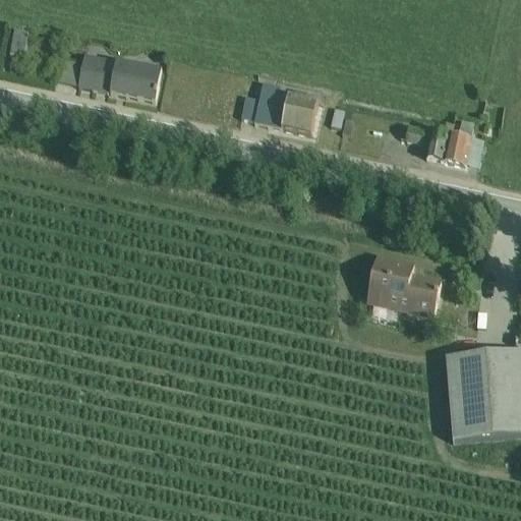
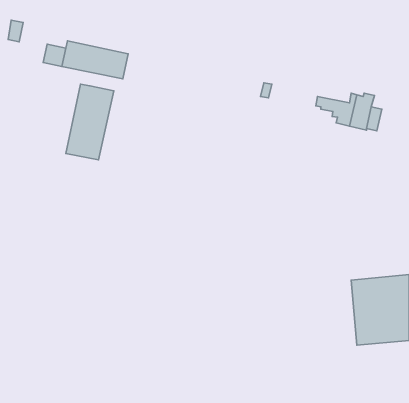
building: [242,79,319,133] -> none
building: none -> [66,84,114,160]
building: [367,254,442,315] -> none

